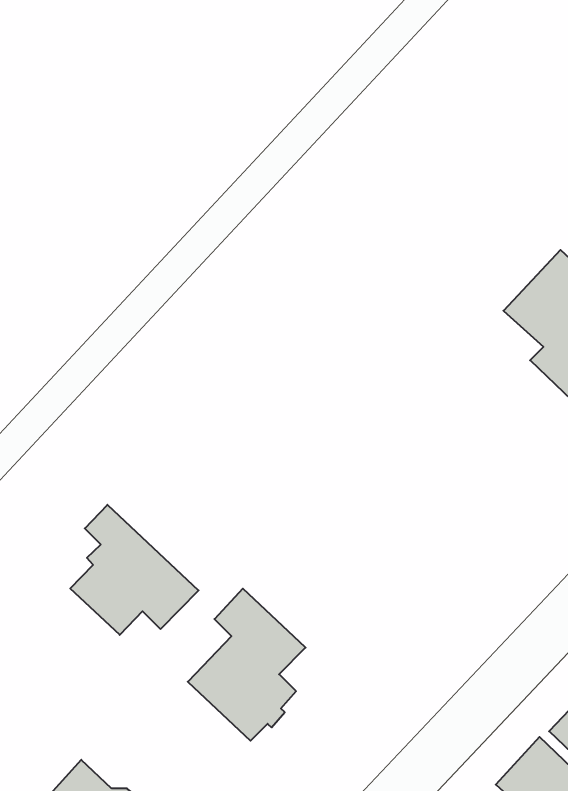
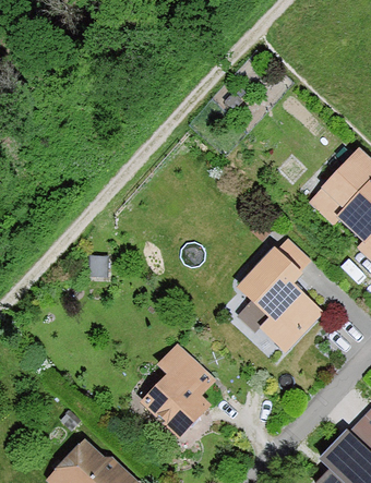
building: none -> [240,251,319,347]
building: [70,505,199,635] -> none

